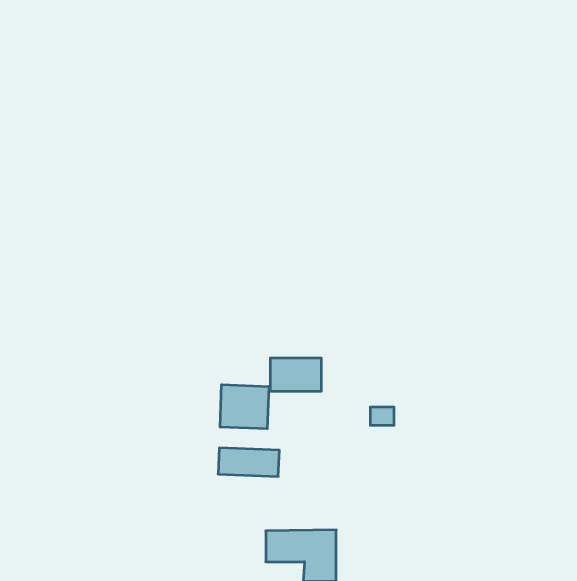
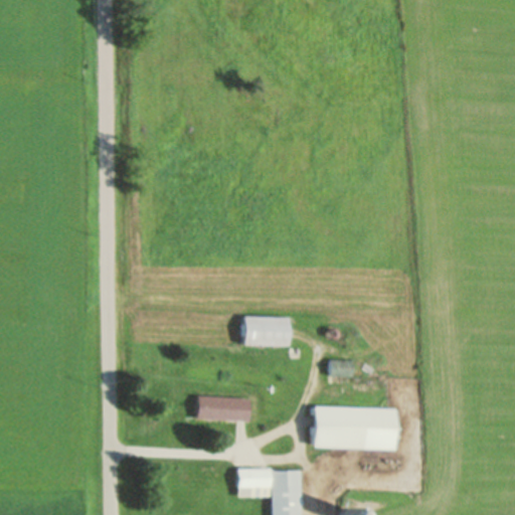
building: [220,385,269,429] -> none
building: none -> [313,407,395,450]

